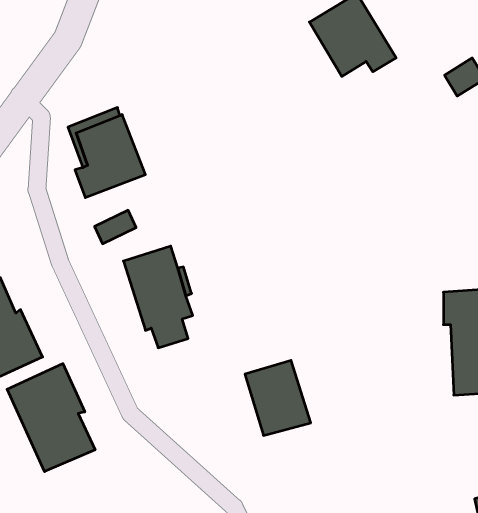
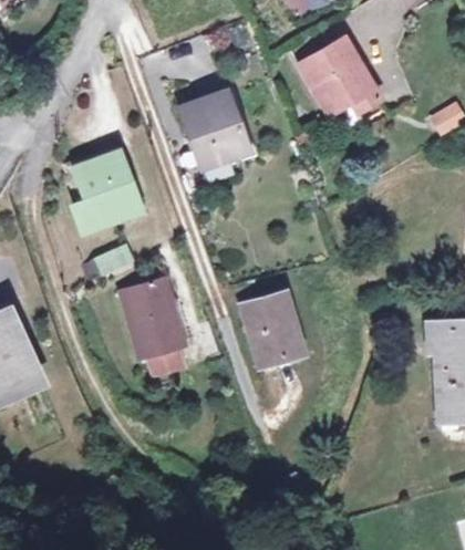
building: none -> [178,91,249,169]
building: [245,360,311,435] -> [241,292,304,364]
building: [7,364,95,472] -> none

